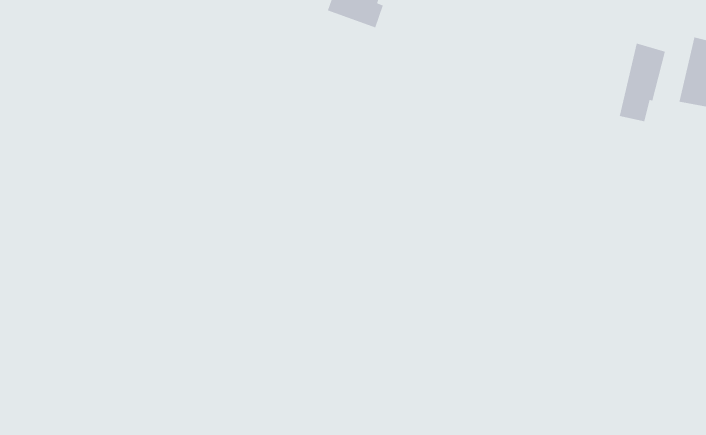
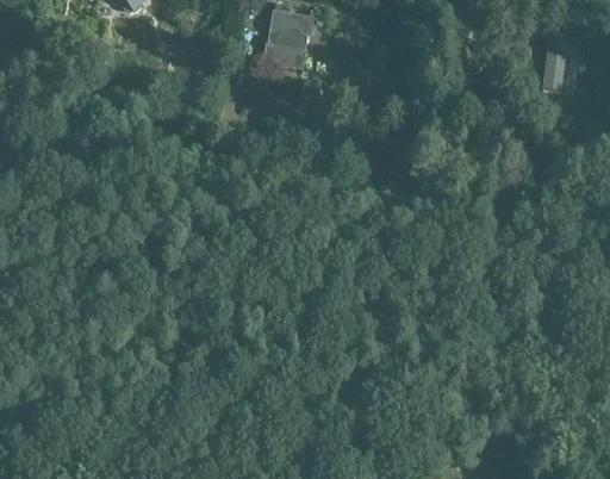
building: [619,43,666,122] -> none

